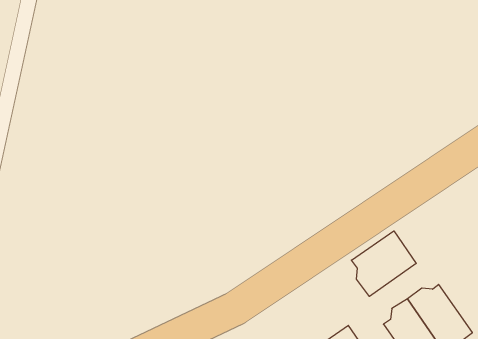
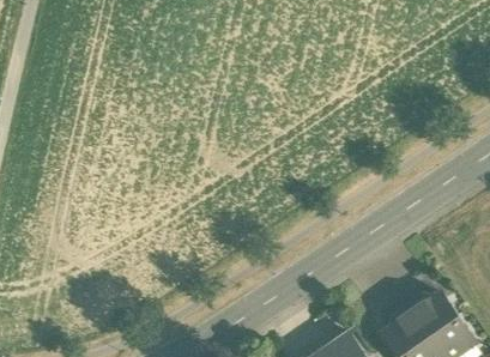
building: [351,231,416,296] -> none

